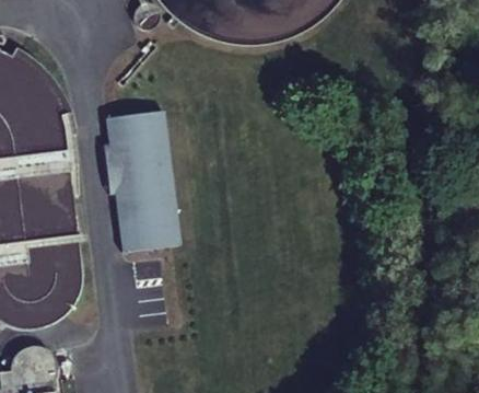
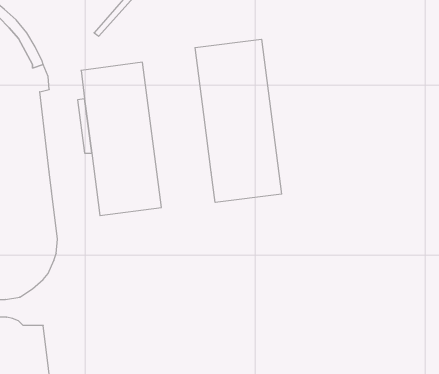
building: none -> [195,39,282,202]

